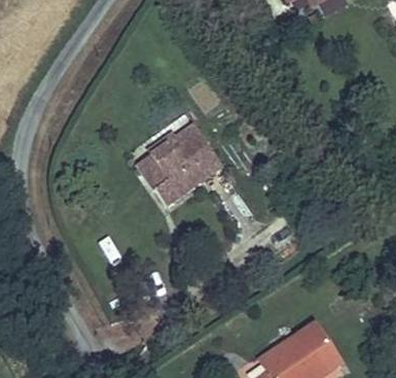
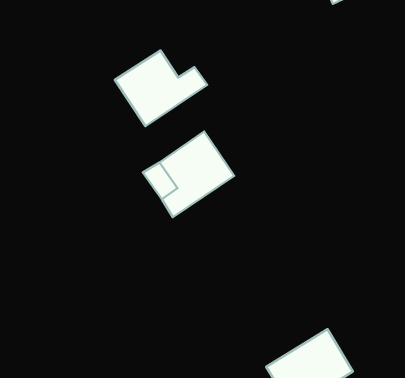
building: none -> [115,50,207,126]

